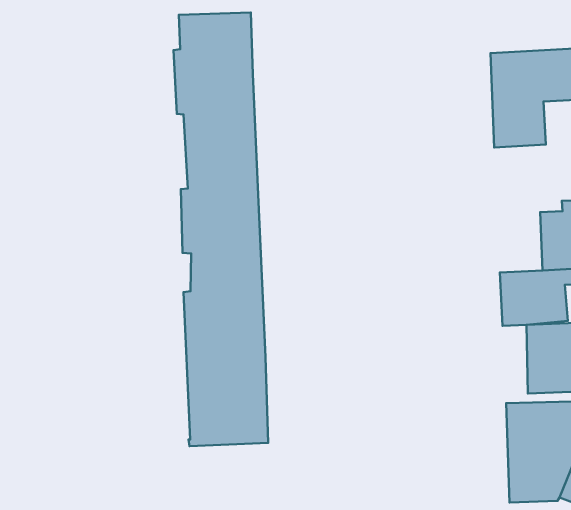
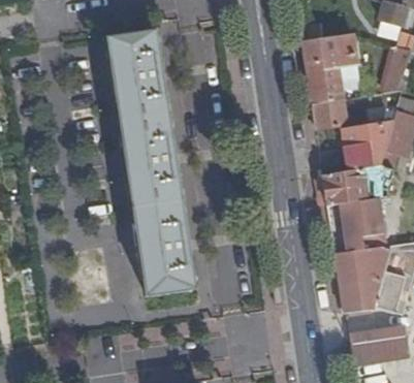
building: none -> [311,93,345,128]

